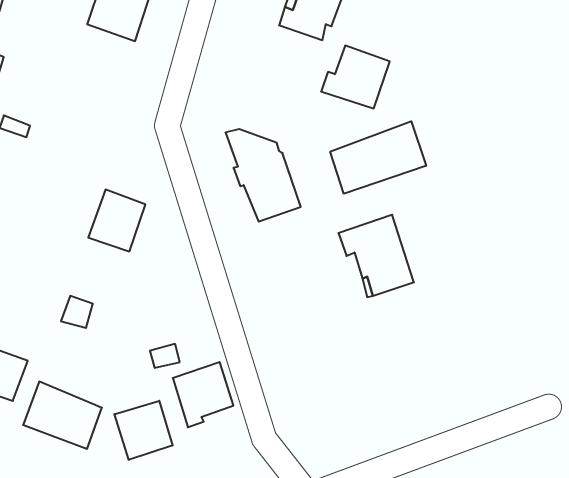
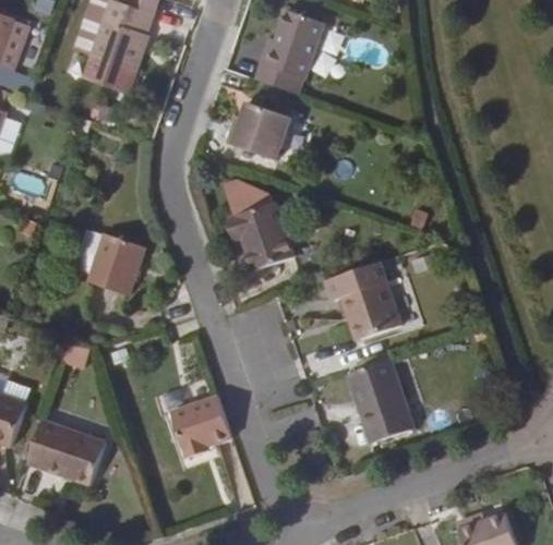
building: [321,46,390,108] -> [225,98,290,158]
building: [330,121,426,194] -> none
building: none -> [346,359,411,441]
building: [114,401,173,460] -> none

